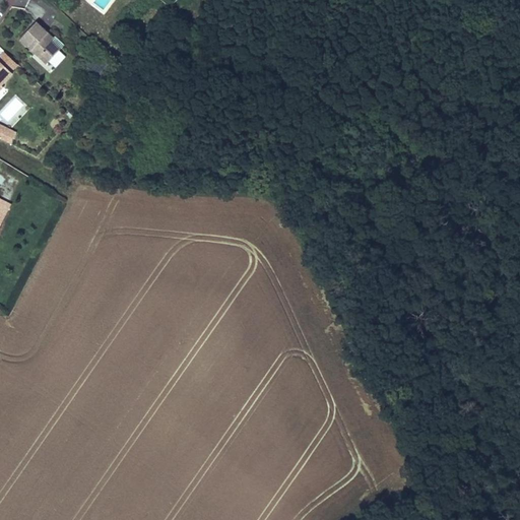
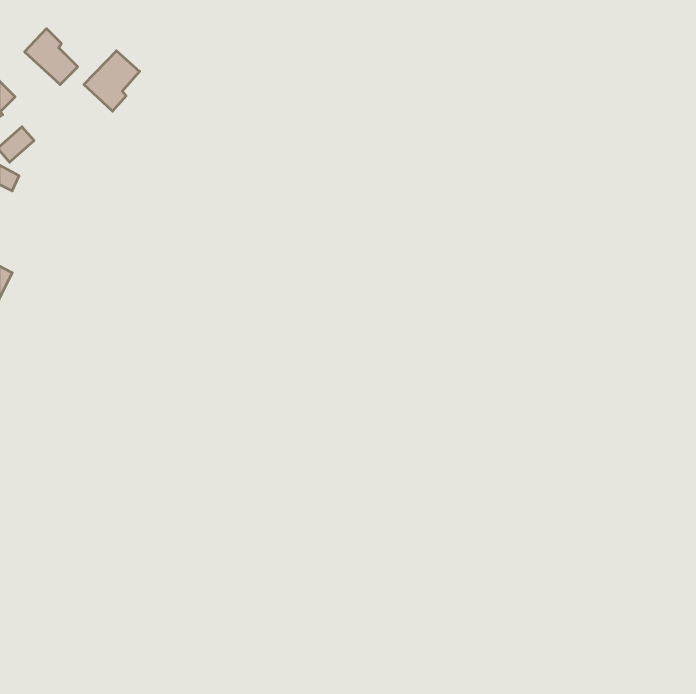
building: none -> [84,51,140,111]

